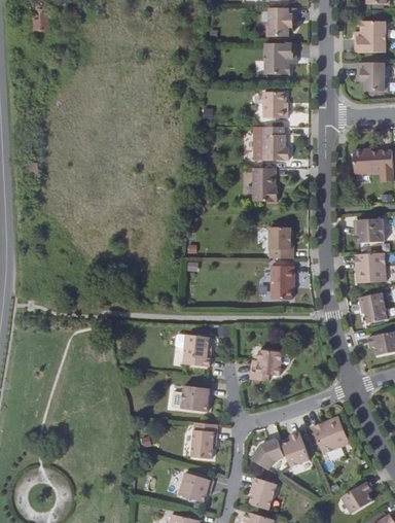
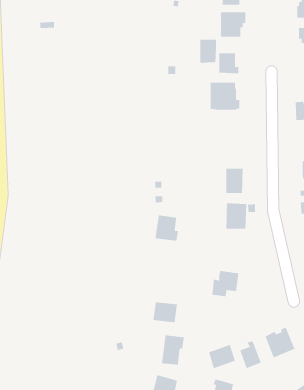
building: none -> [199,39,217,64]
building: [249,166,274,200] -> none
building: [184,335,213,367] -> [155,215,179,242]

